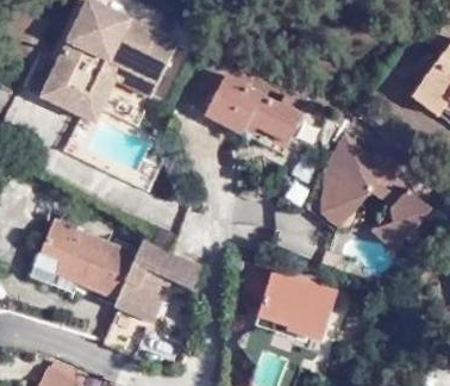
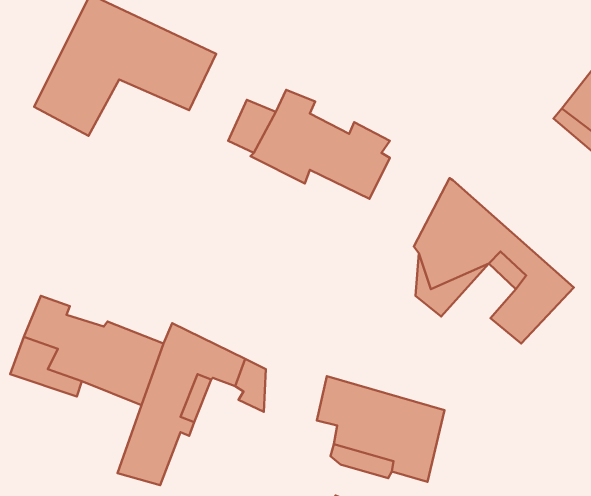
building: [42,64,157,126] -> none

